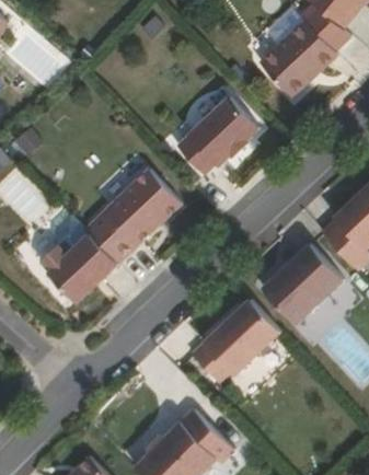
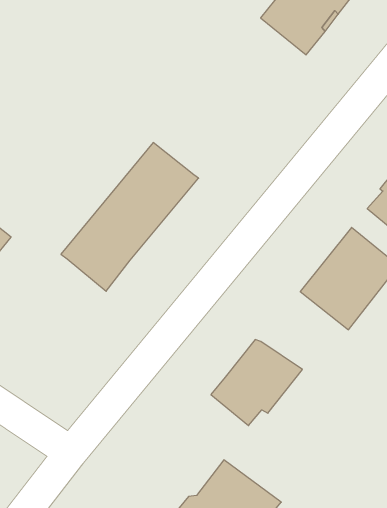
building: [181,94,263,172] -> none
building: [37,216,114,303] -> none
building: [230,297,286,349] -> none

